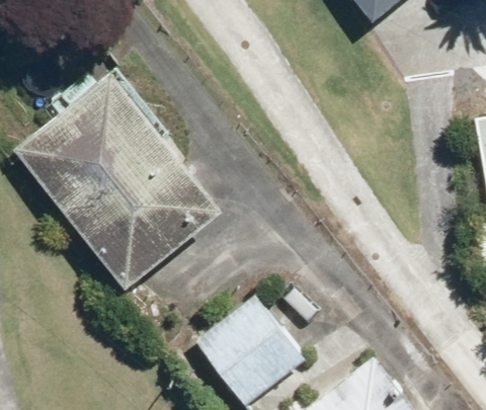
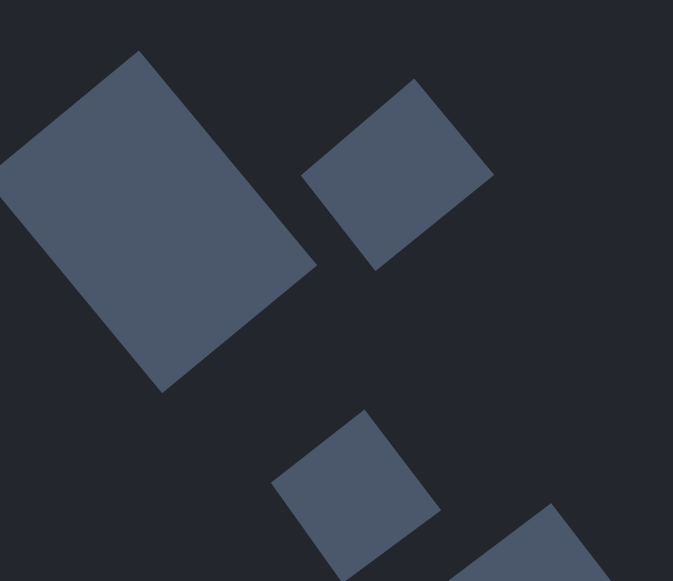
building: none -> [300,77,495,272]

